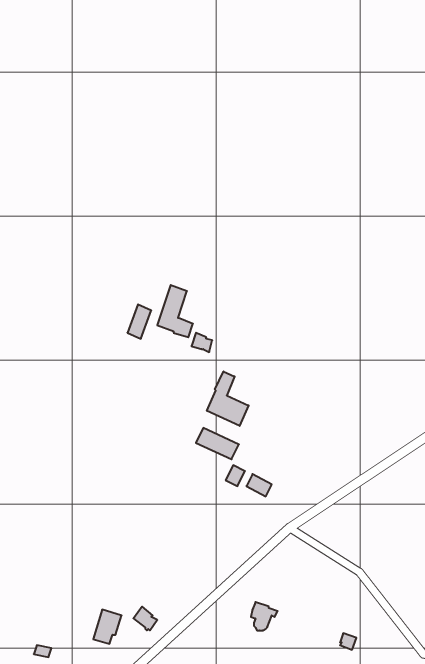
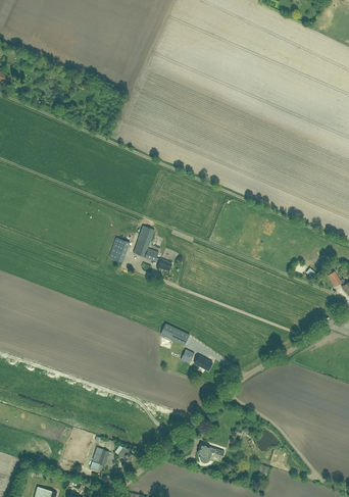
building: [207,371,249,426] -> none

